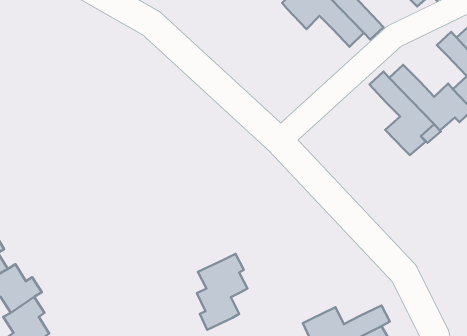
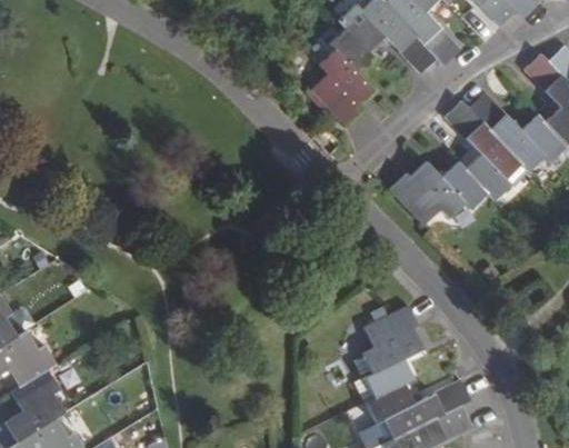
building: none -> [311,27,377,125]
building: none -> [387,162,485,225]
building: [197,254,248,330] -> [361,305,421,395]

